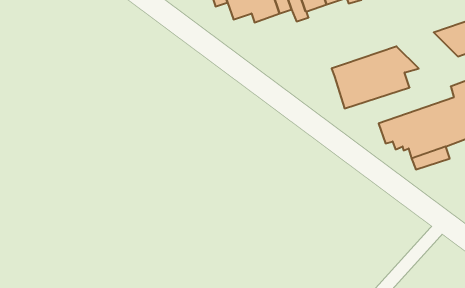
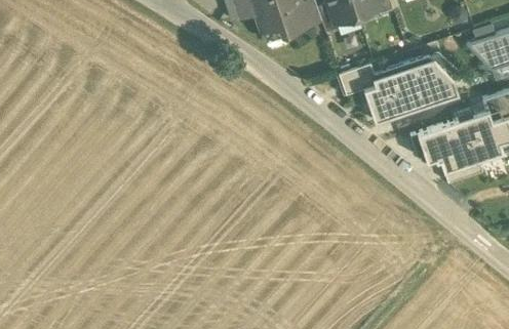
building: none -> [340,64,375,95]

